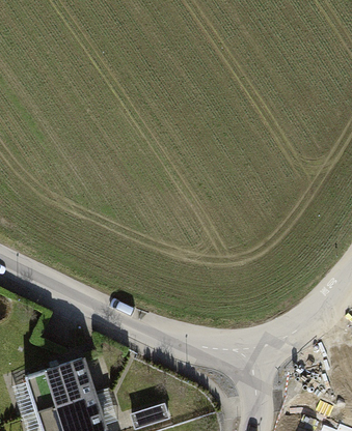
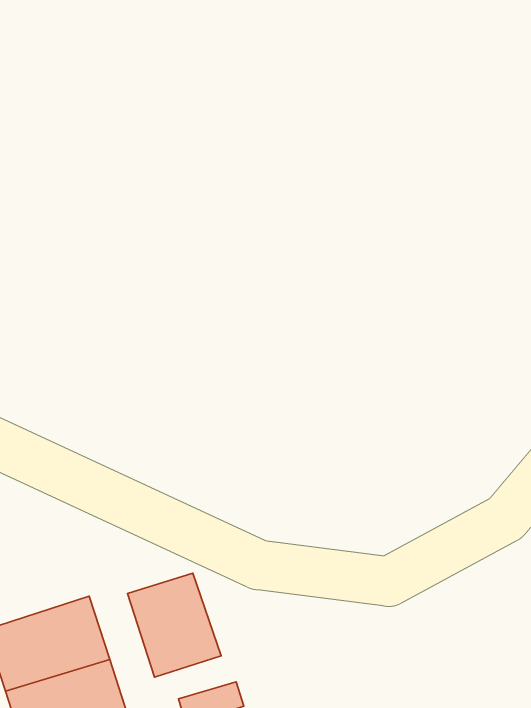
building: none -> [128,573,221,677]

